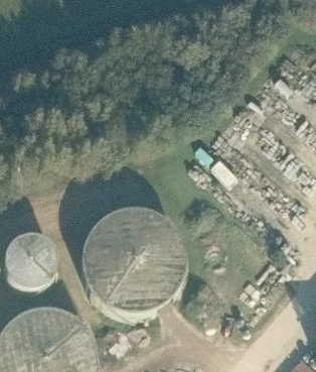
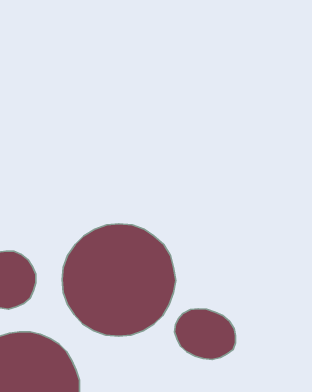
building: none -> [174,309,236,359]

